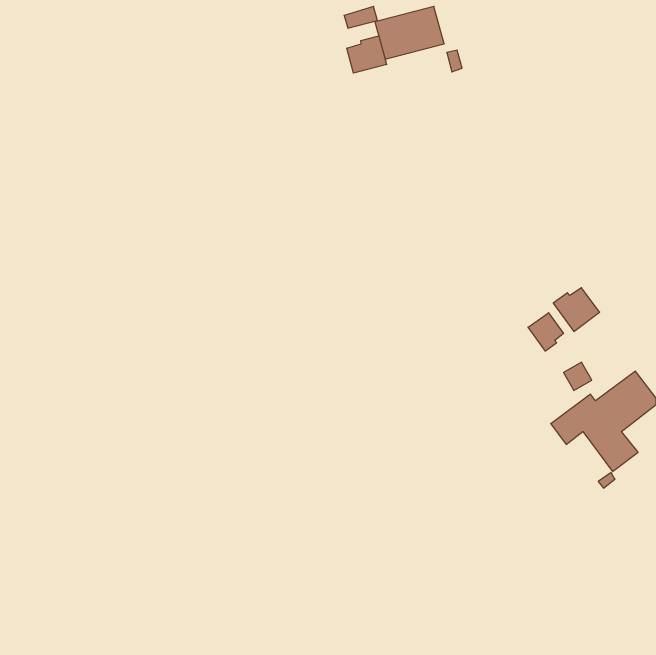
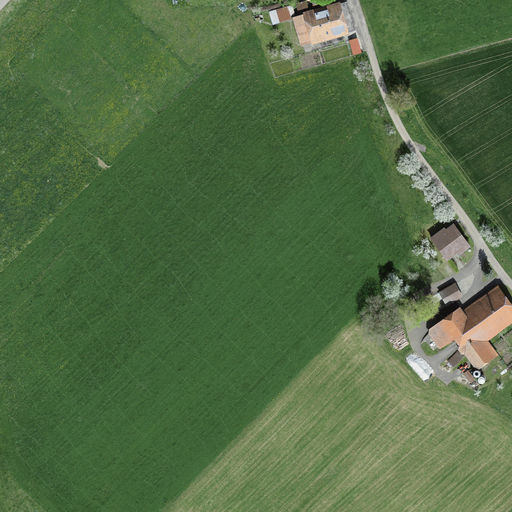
building: [347,36,387,73] -> none
building: [528,313,563,351] -> none

